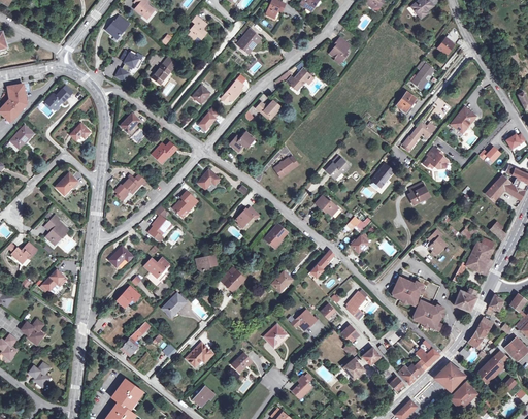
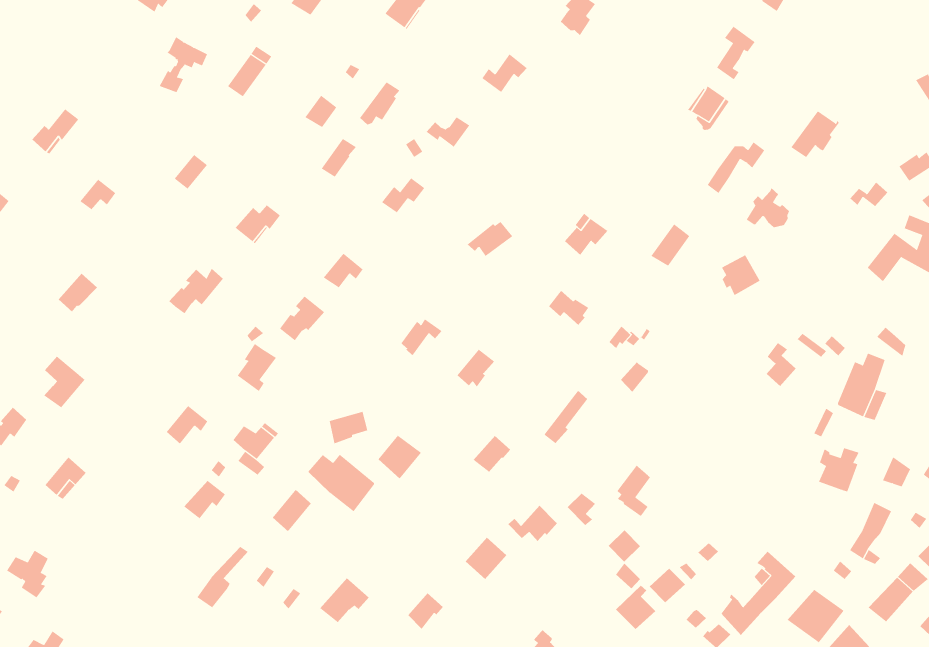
building: [394,268,444,329] -> none
building: none -> [308,454,375,512]

